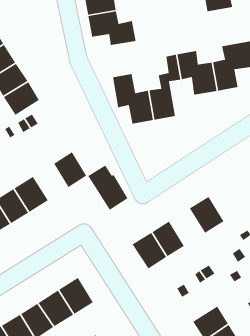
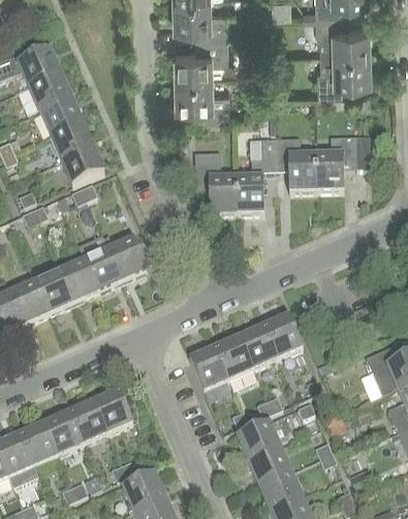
building: [87,165,129,211] -> [77,235,123,291]
building: none -> [238,324,278,368]
building: none -> [237,419,281,459]

